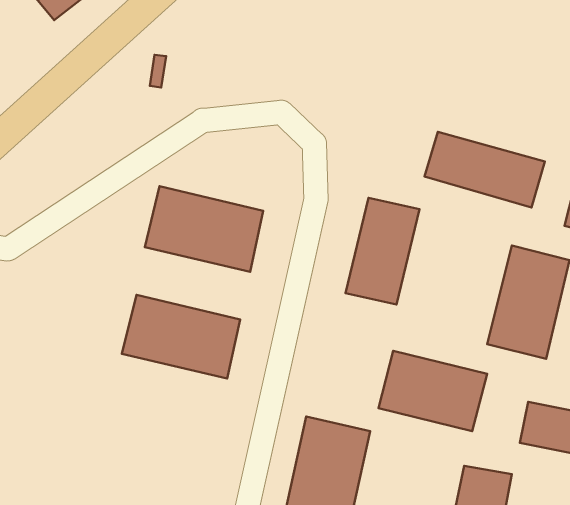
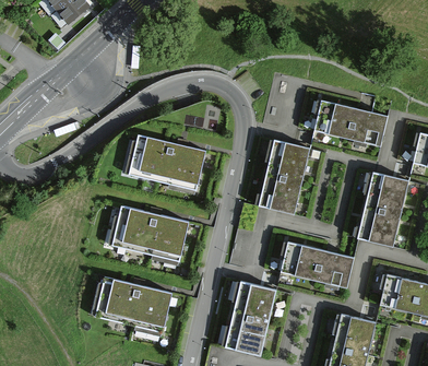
building: none -> [93,275,171,332]

